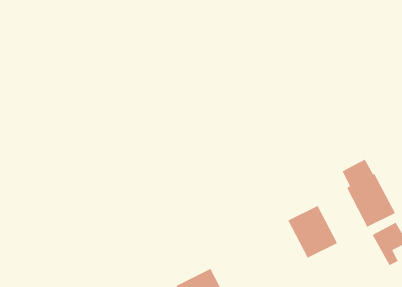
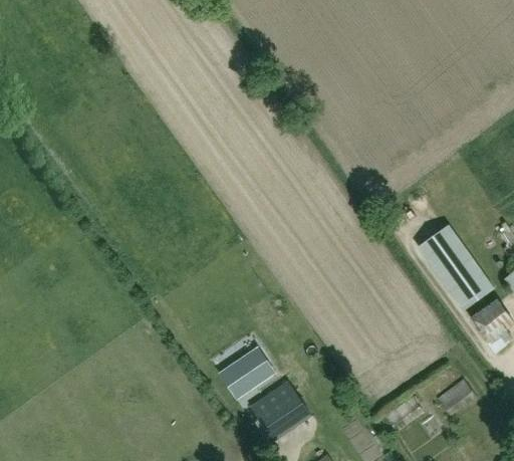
building: [287,205,338,259] -> none
building: none -> [220,341,277,394]

